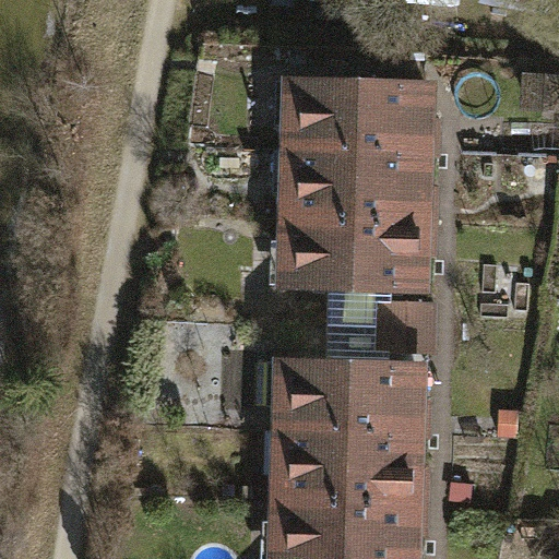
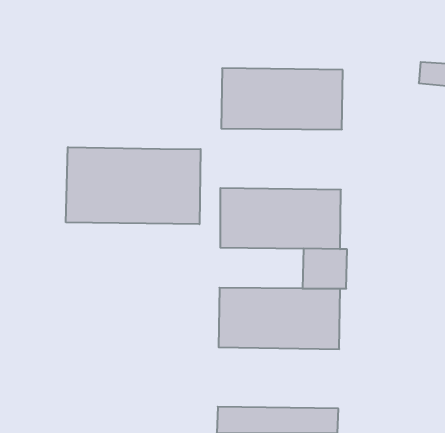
building: [277,160,429,237] -> none
building: none -> [66,147,201,224]
building: [274,433,426,510] -> none

